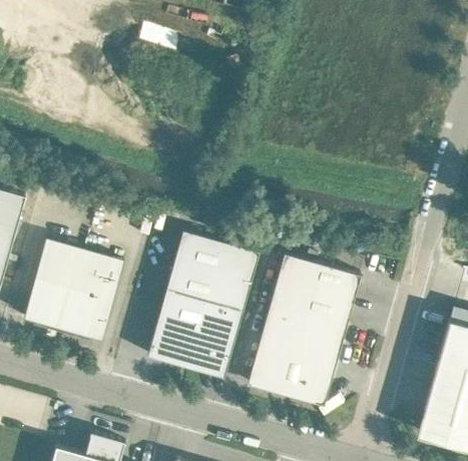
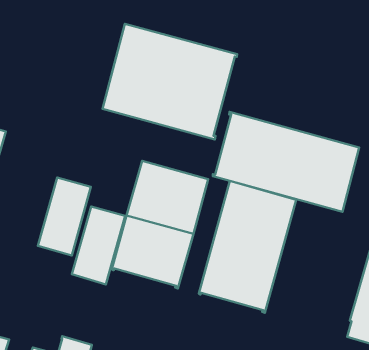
building: none -> [102,24,237,139]
building: none -> [213,112,359,212]
building: [23,240,84,330] -> [72,206,125,284]

